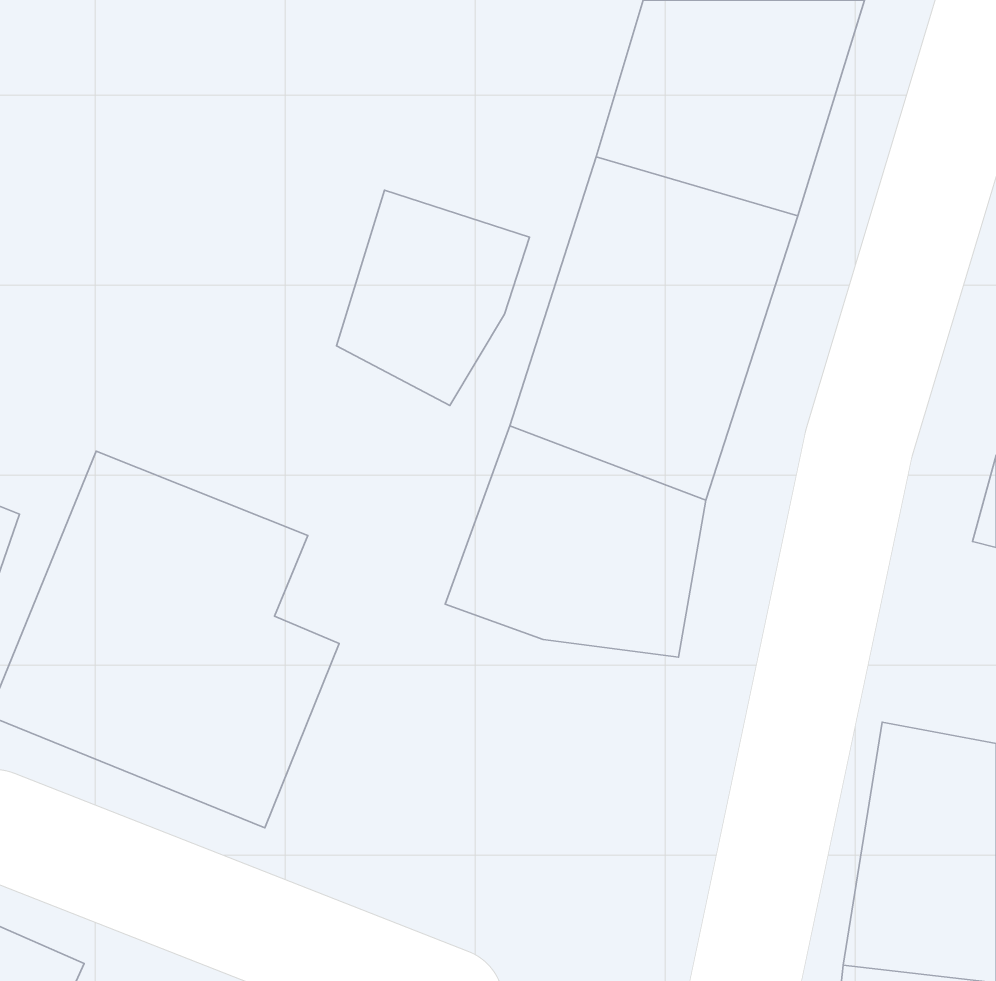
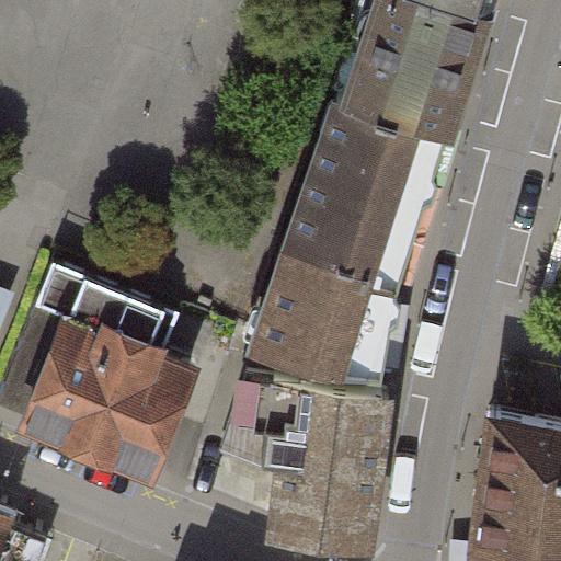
building: [337,190,530,405] -> none
building: none -> [220,382,387,548]

